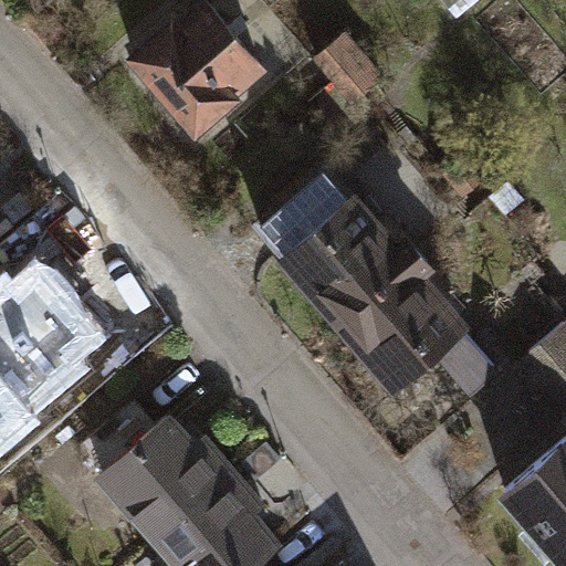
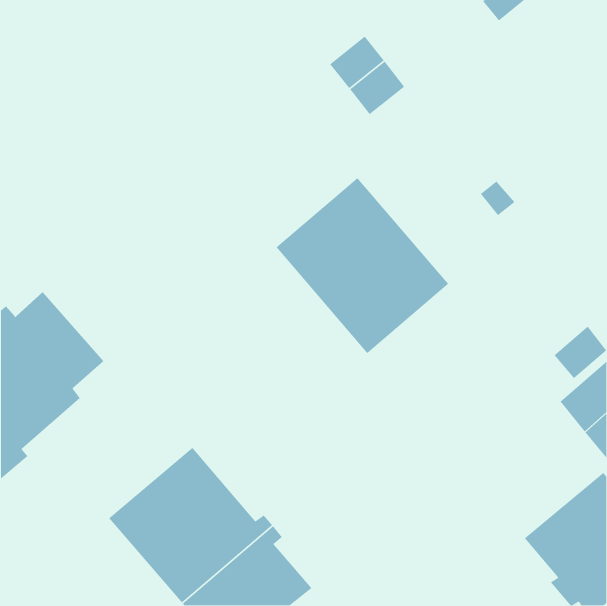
building: [132,4,265,136] -> none
building: [342,256,504,402] -> none

